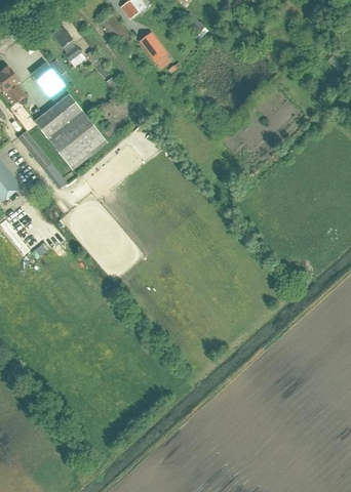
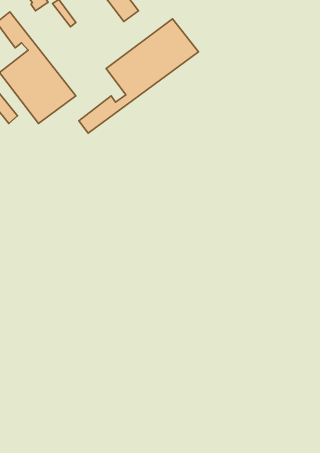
building: none -> [79,19,198,133]

